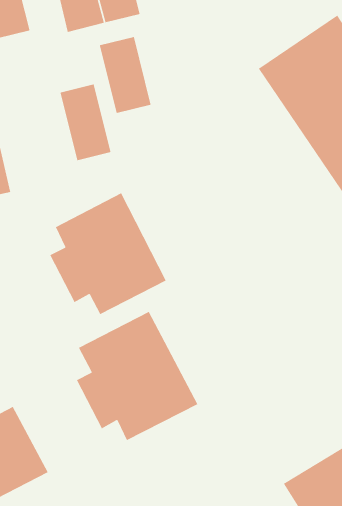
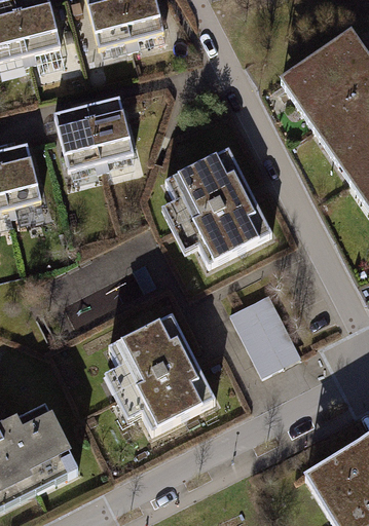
building: [99,36,152,114] -> [53,103,104,177]
building: [49,192,167,315] -> [159,148,271,265]
building: none -> [231,284,302,367]

